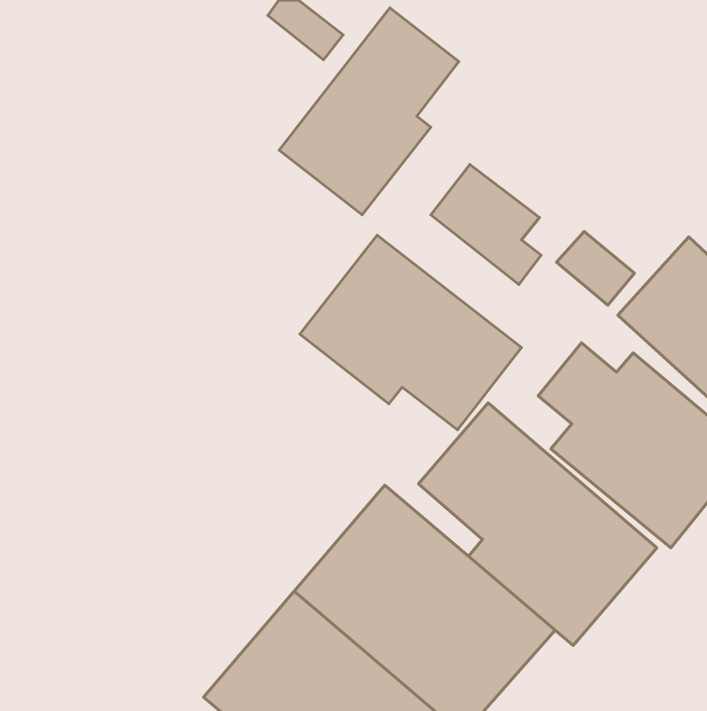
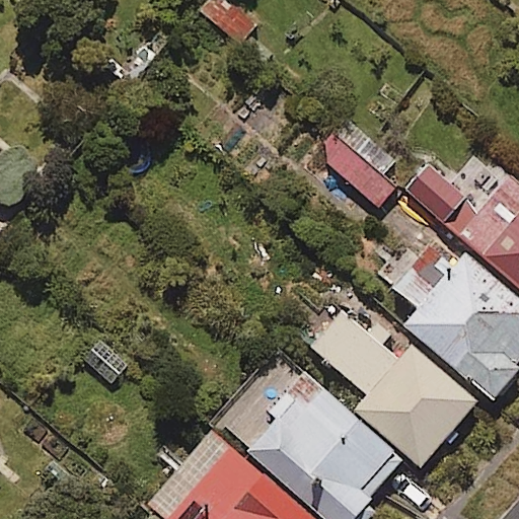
building: [279,8,459,215] -> none
building: [300,235,521,430] -> none

